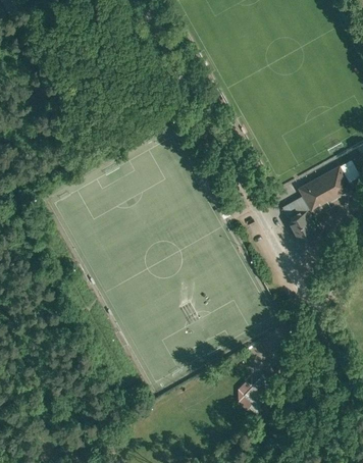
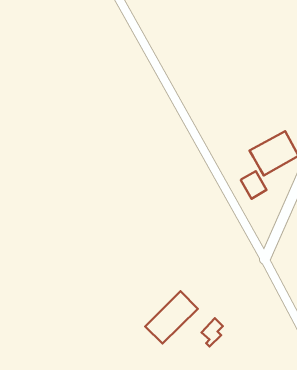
building: [280,196,309,221] -> none
building: none -> [145,291,198,344]

